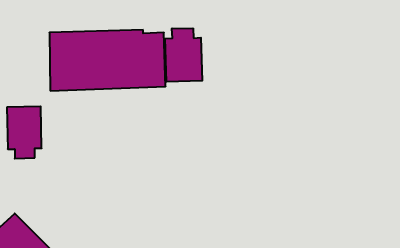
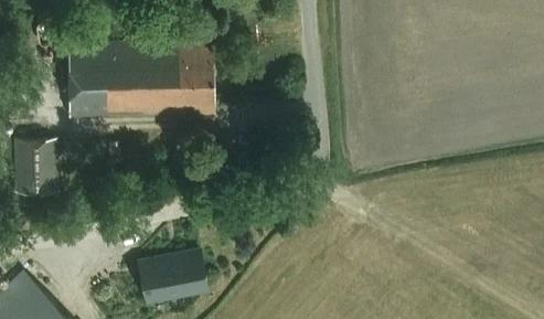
building: [165,28,202,82] -> none
building: none -> [140,249,209,301]

